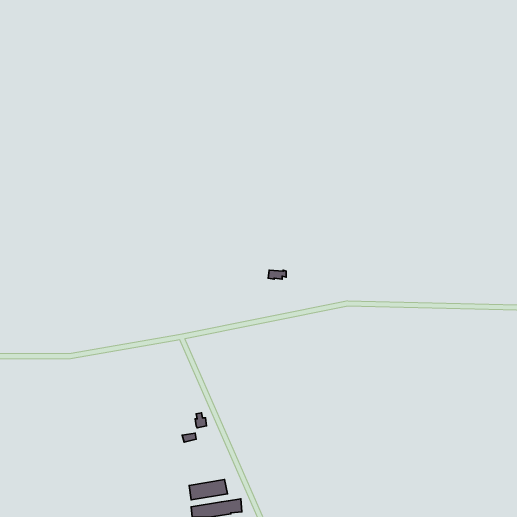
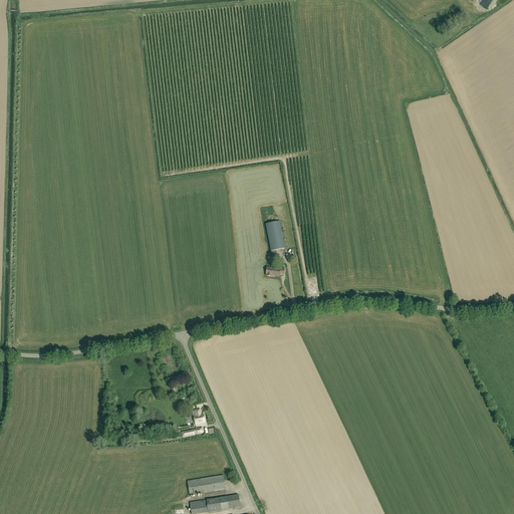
building: none -> [265,222,285,252]

